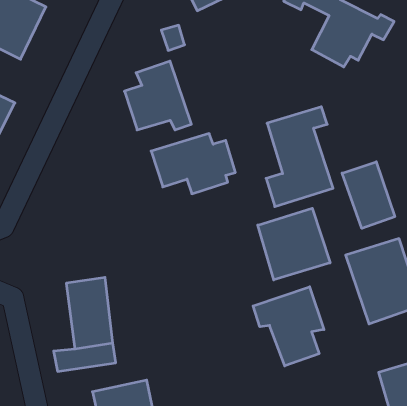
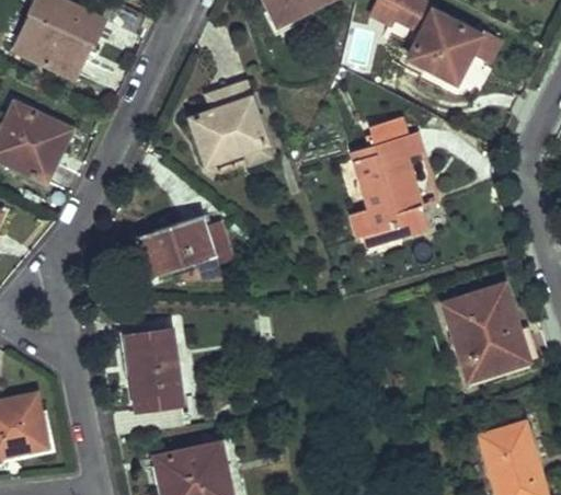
building: [151,134,235,194] -> [136,216,231,284]
building: [342,162,395,228] -> none
building: [258,208,330,280] -> none
building: [253,287,324,366] -> none

